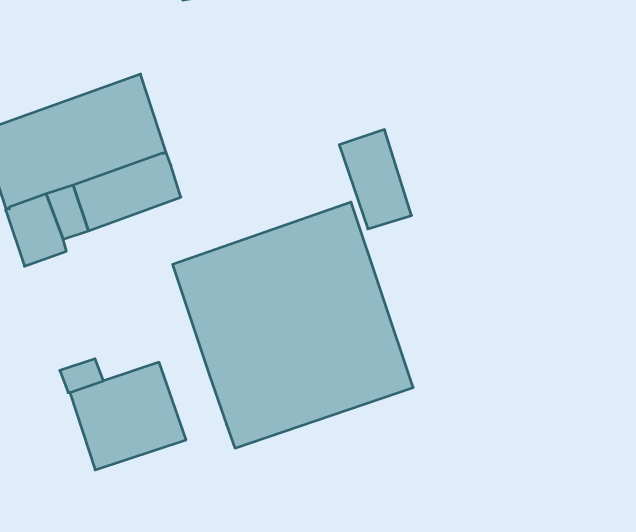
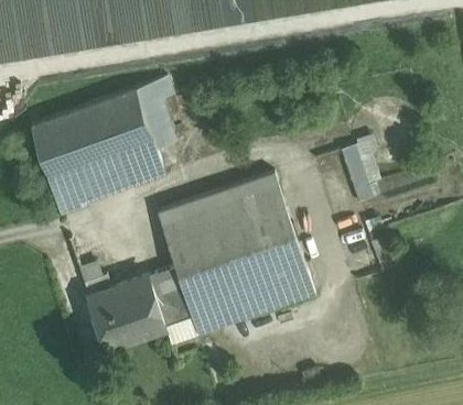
building: none -> [137,79,173,150]
building: [339,130,412,229] -> [340,138,387,202]
building: none -> [149,270,193,329]

